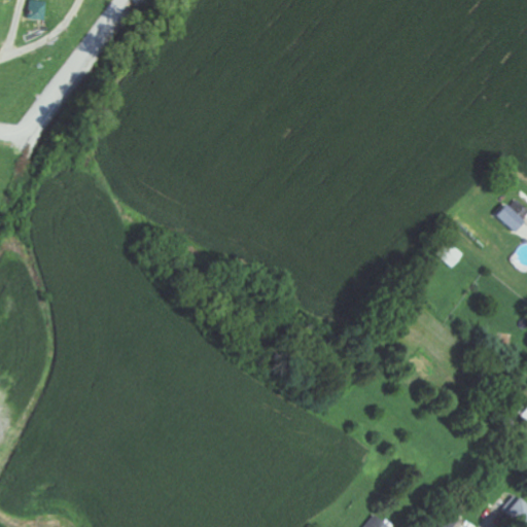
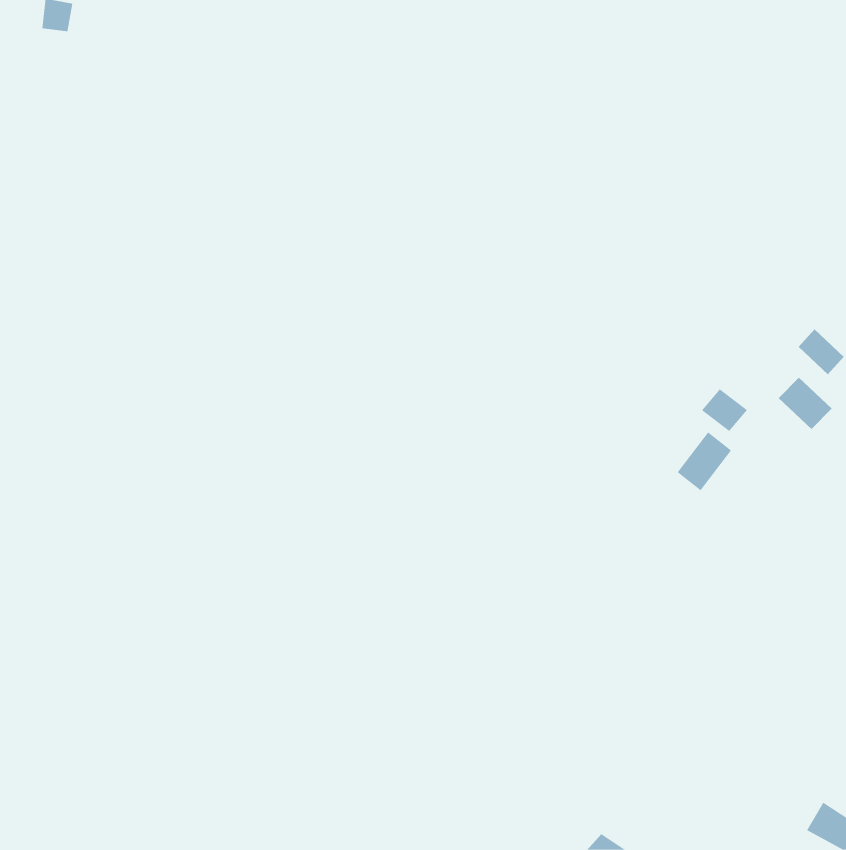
building: none -> [778,377,832,430]
building: none -> [677,431,732,491]

